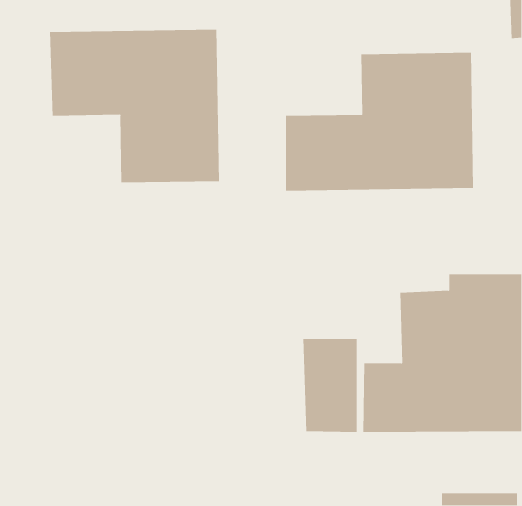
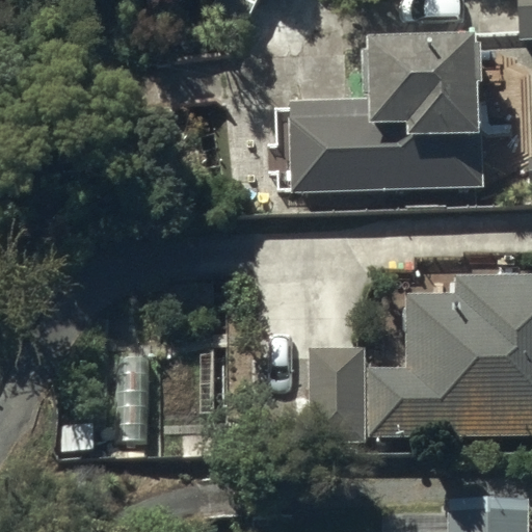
building: [50,29,220,183] -> none

